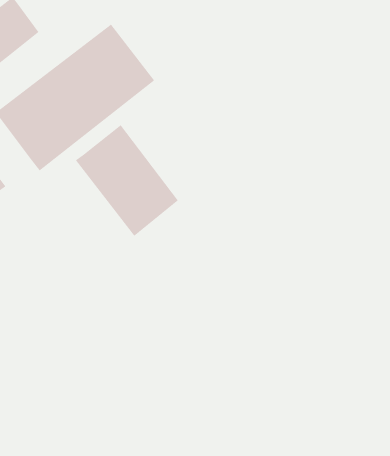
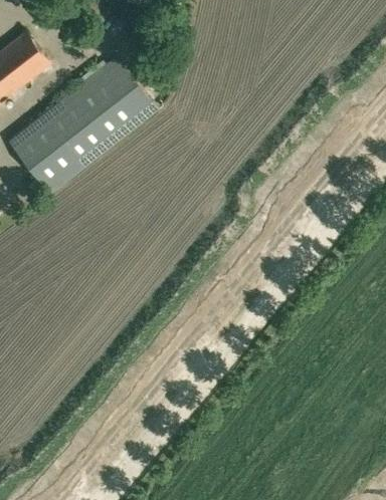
building: [75,124,179,237] -> none

